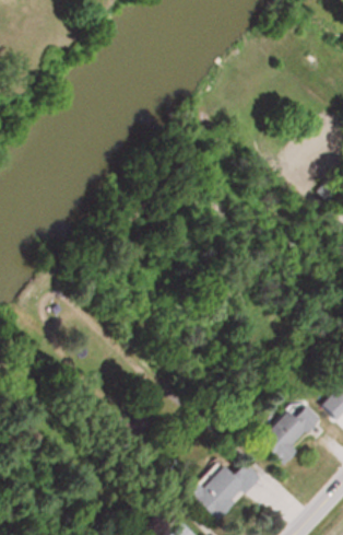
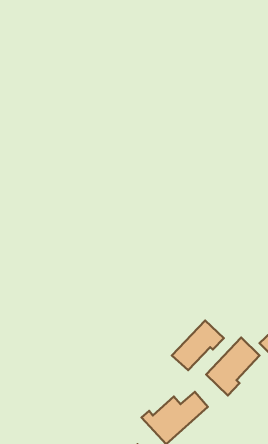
building: none -> [172,320,224,370]

